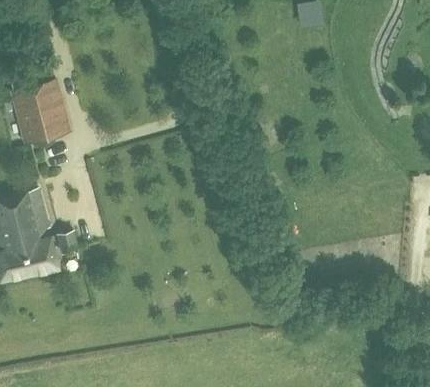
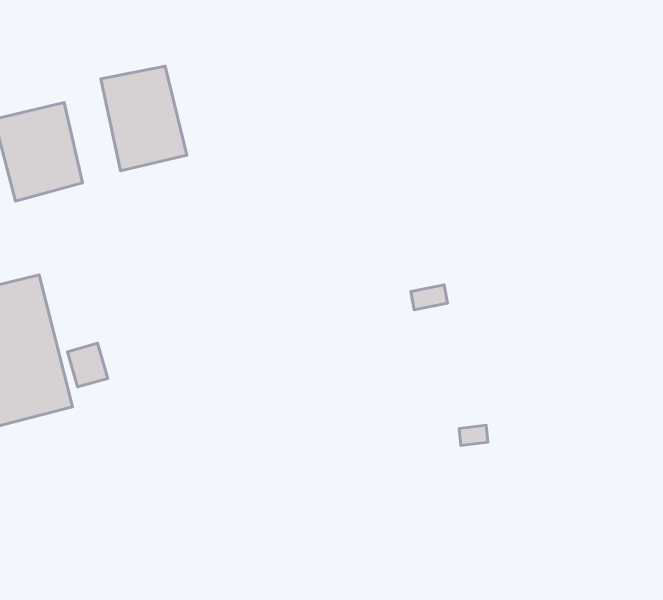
building: none -> [101,66,187,171]

